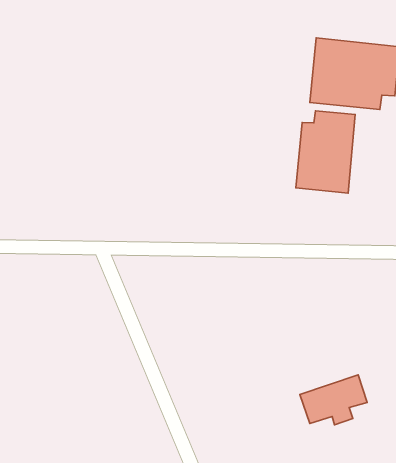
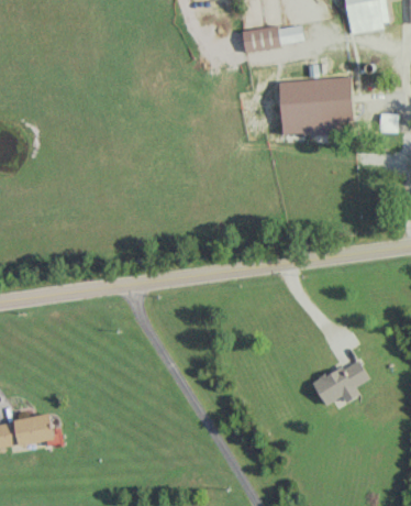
building: [296,111,355,193] -> none

